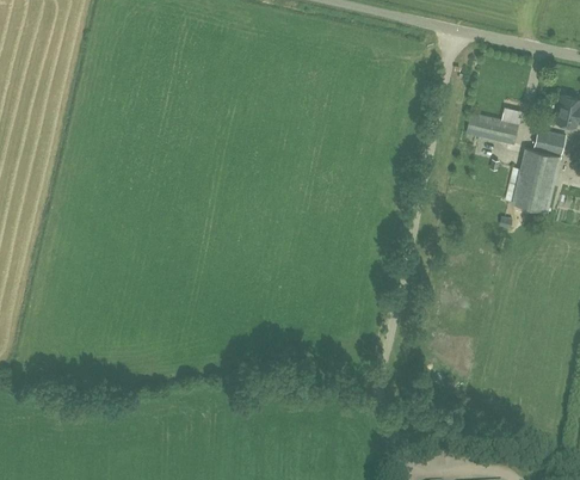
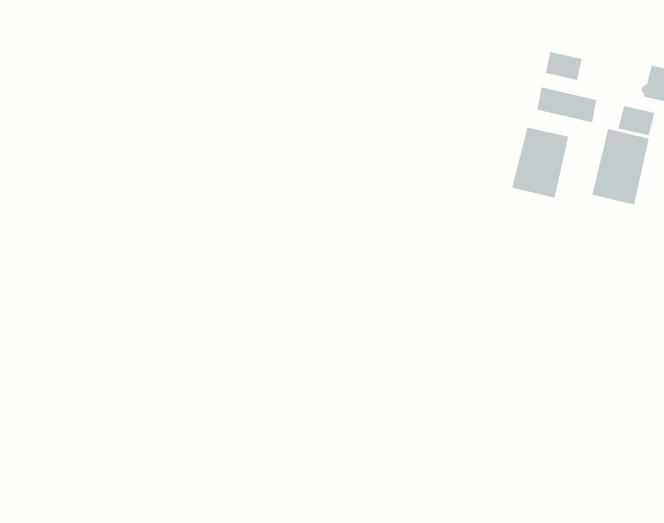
building: none -> [545,51,582,81]
building: none -> [512,127,569,198]

